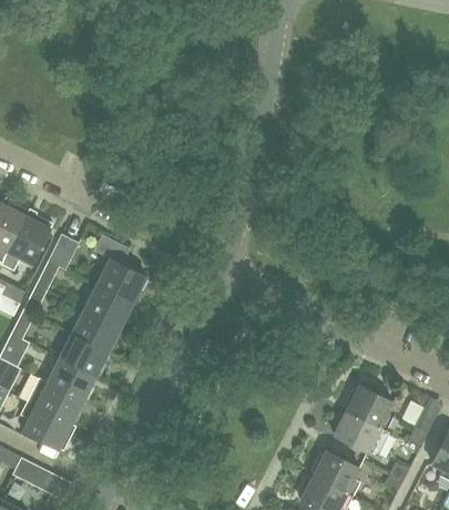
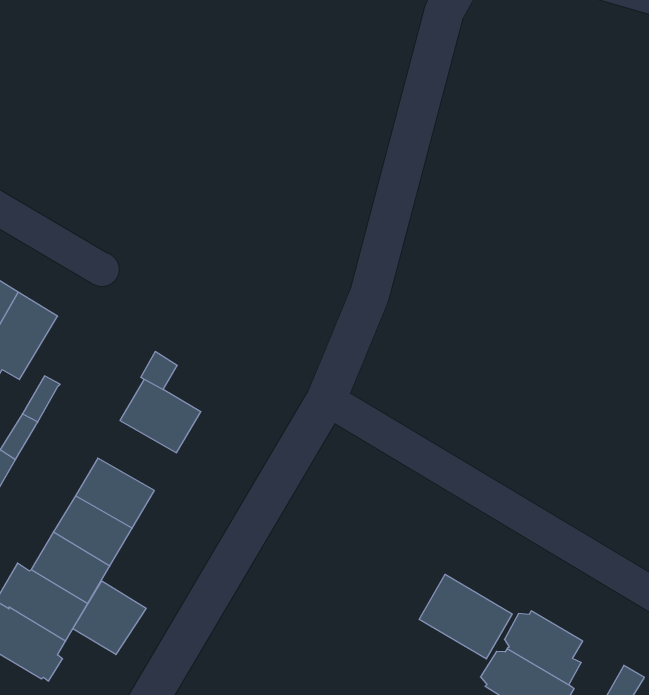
building: [48,234,80,272] -> none
building: [84,286,133,328] -> none
building: none -> [419,574,512,659]
building: none -> [73,581,146,655]

